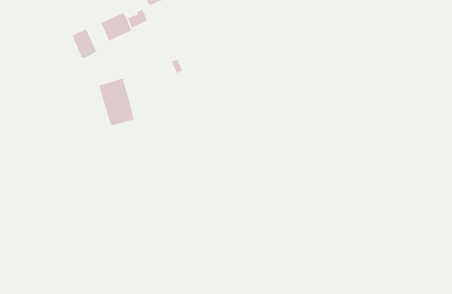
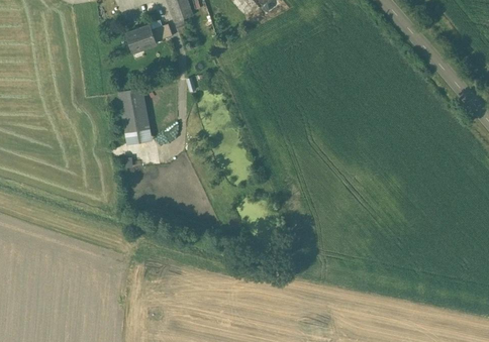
building: [71,28,97,59] -> none

